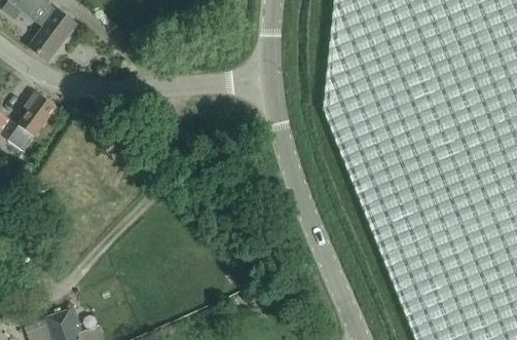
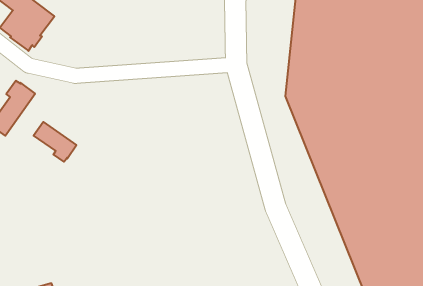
building: none -> [34,122,76,162]

